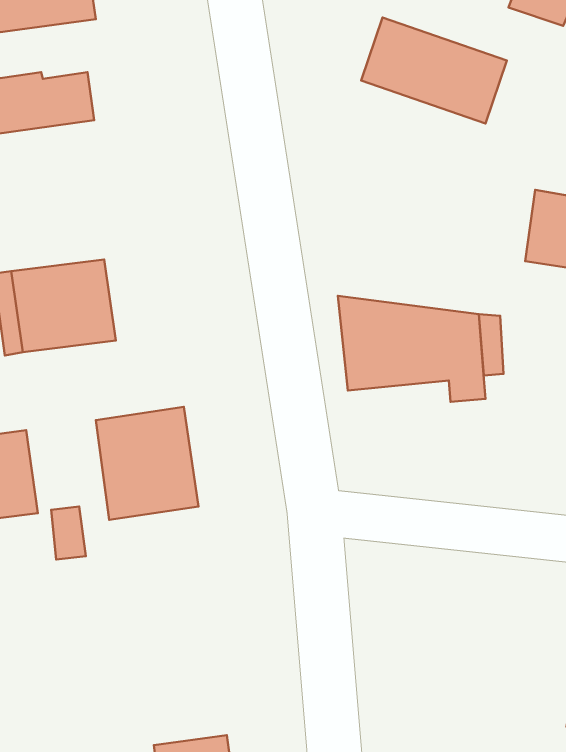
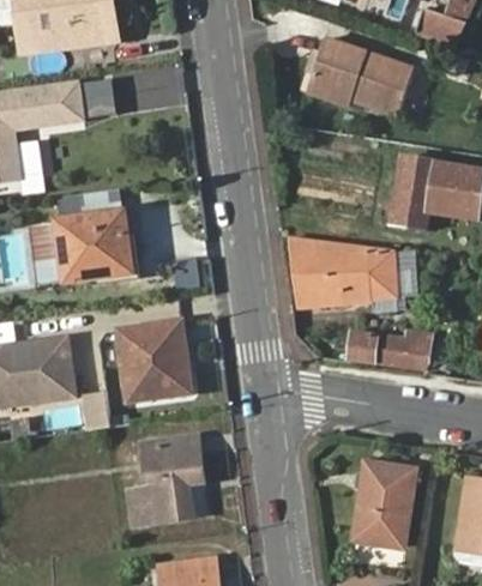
building: none -> [390,157,435,231]
building: none -> [348,331,429,370]
building: none -> [129,436,201,522]
building: none -> [353,463,414,548]

